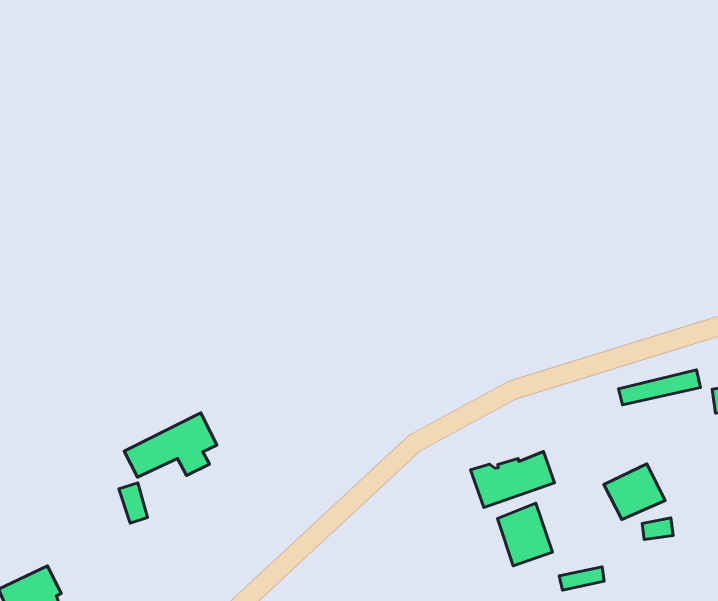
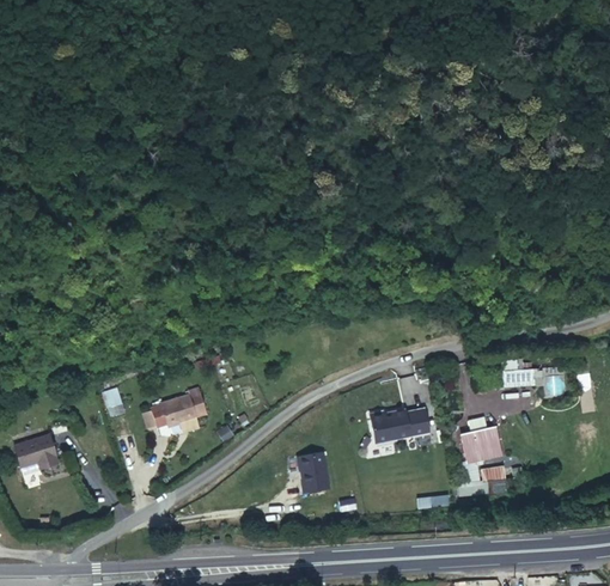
building: [124,413,217,477] -> [142,391,211,435]
building: [498,503,552,566] -> none
building: none -> [294,452,327,493]

